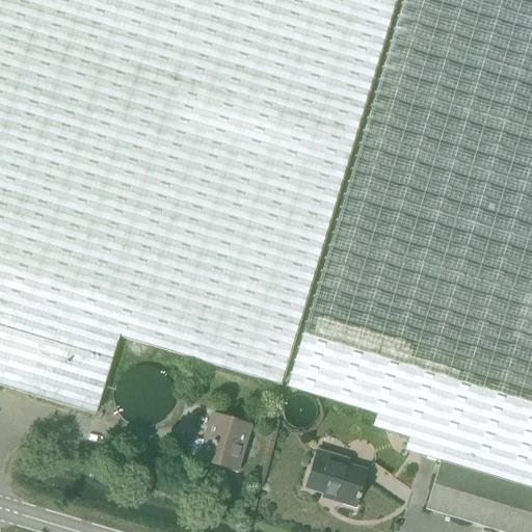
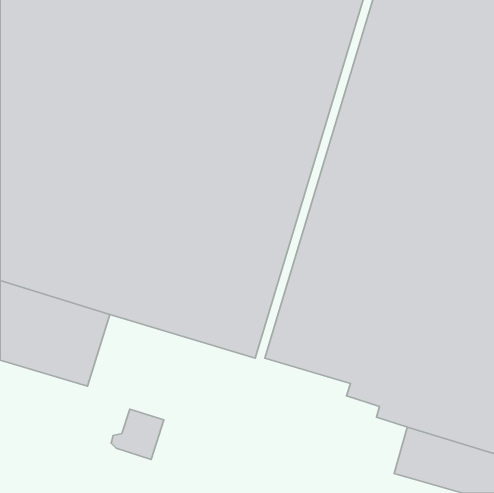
building: [192,415,248,469] -> [111,409,164,460]
building: [302,450,364,505] -> none

